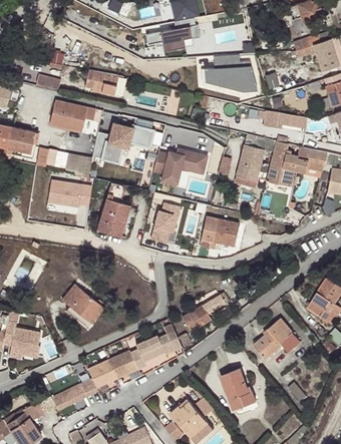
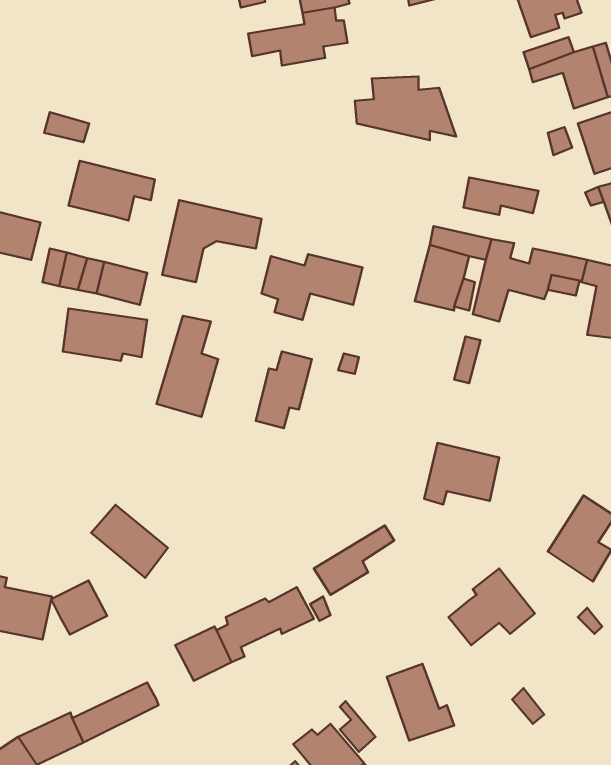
building: [84,69,119,90] -> none
building: [199,216,239,250] -> [424,443,499,504]
building: [86,360,116,389] -> [51,580,107,635]

